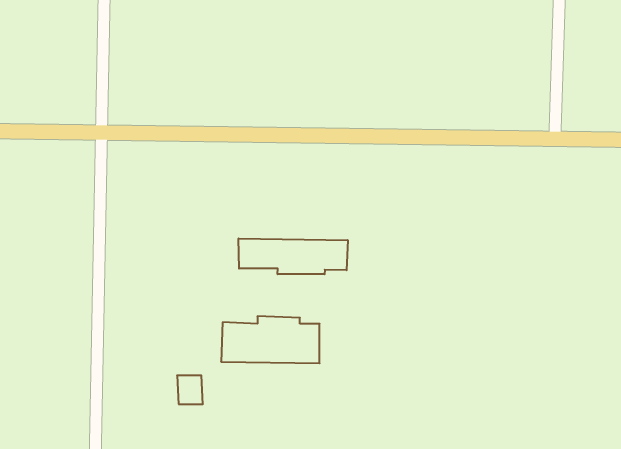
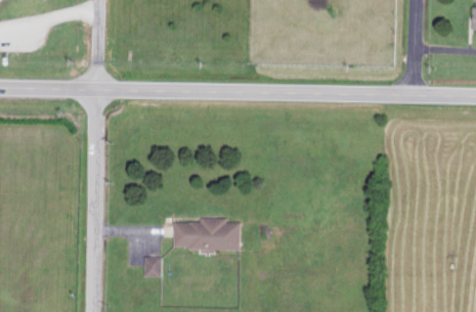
building: [239,238,348,274] -> none

